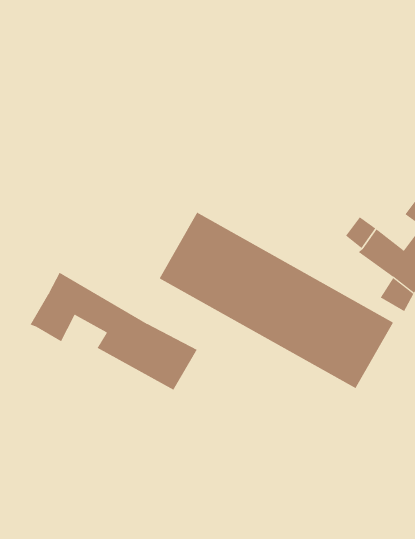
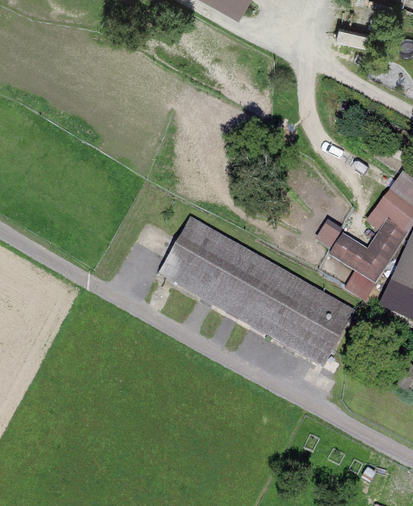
building: [30,272,197,391] -> none

